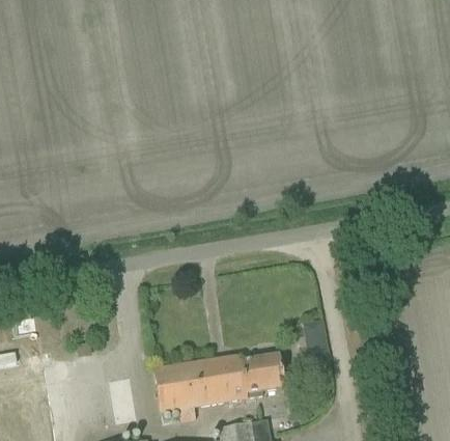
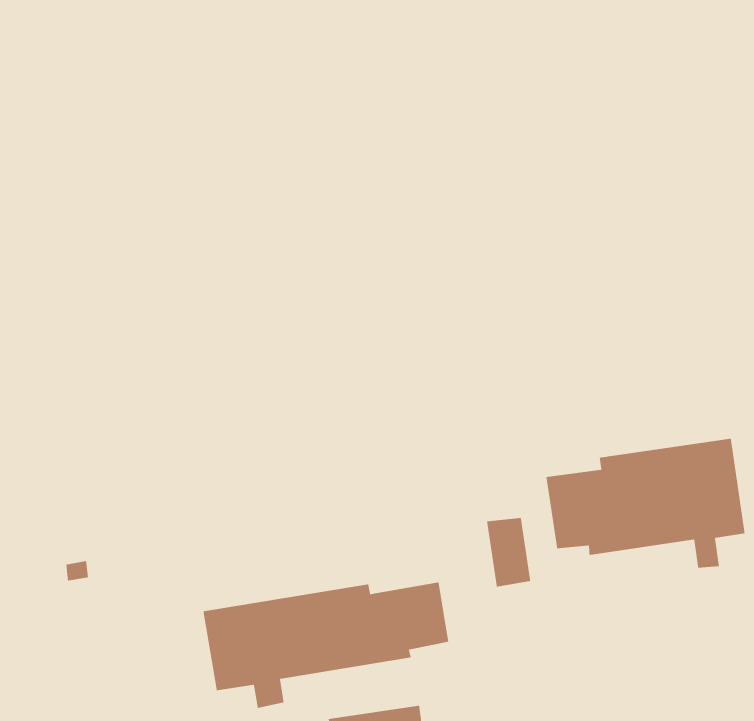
building: none -> [546,438,745,568]

